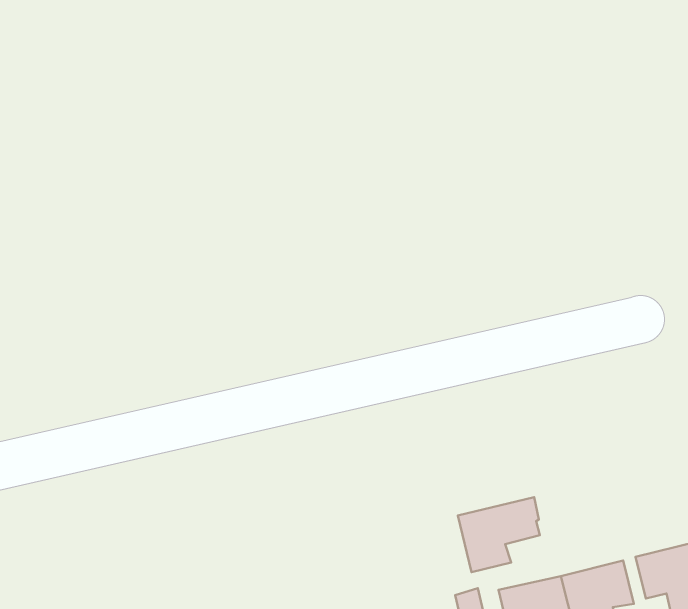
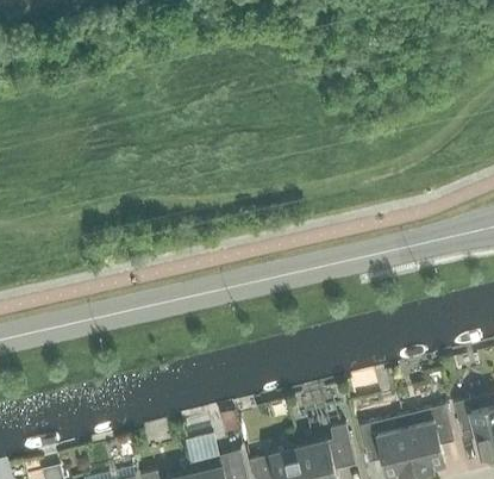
building: [458,497,540,572] -> none

